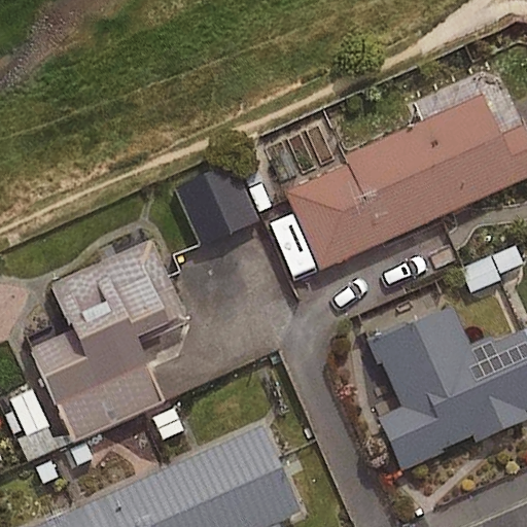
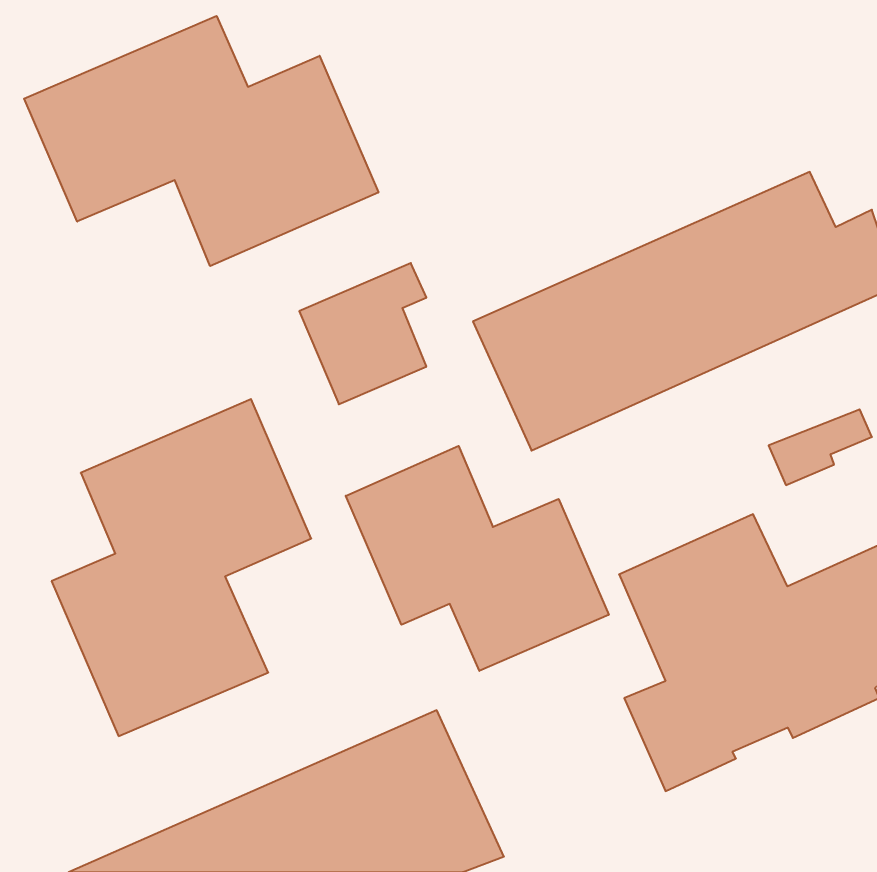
building: none -> [24,16,378,266]
building: none -> [346,446,609,671]

